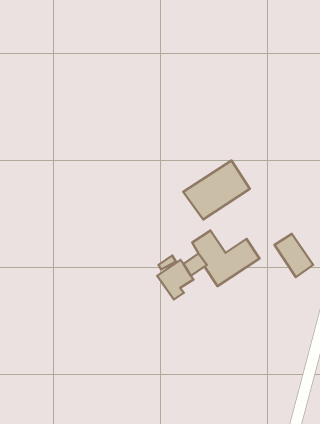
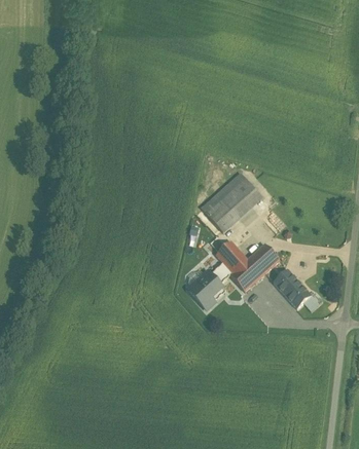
building: [275,234,313,277] -> [273,268,311,307]

